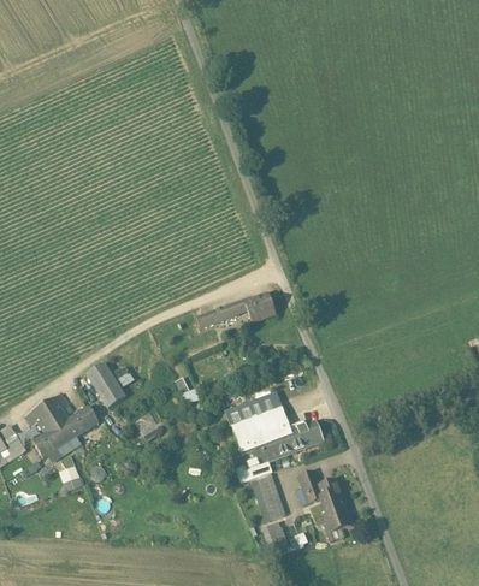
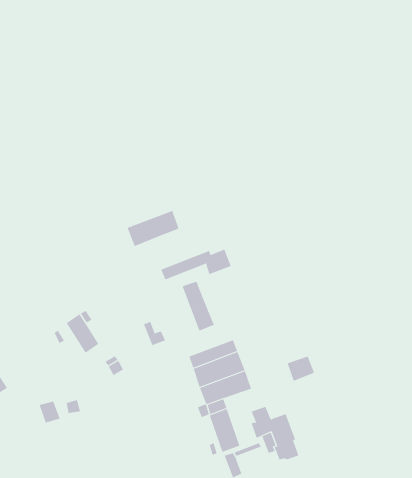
building: none -> [127,210,179,247]
building: none -> [182,281,214,331]
building: [34,402,101,461] -> none
building: [290,420,321,449] -> [287,356,315,382]

